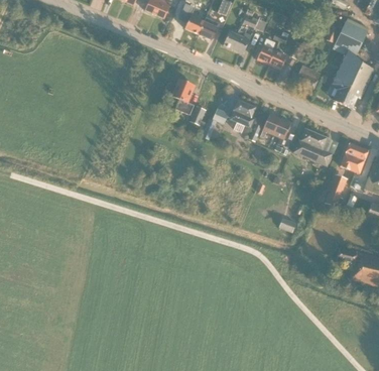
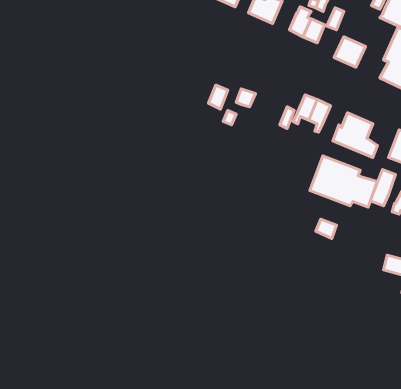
building: [171,79,195,115] -> none
building: [230,100,255,133] -> none
building: none -> [310,156,377,207]

